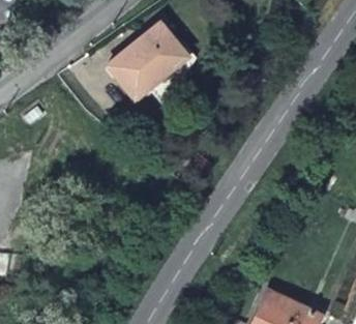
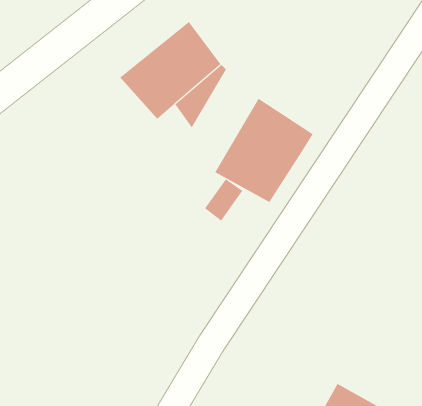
building: none -> [215,98,314,203]

